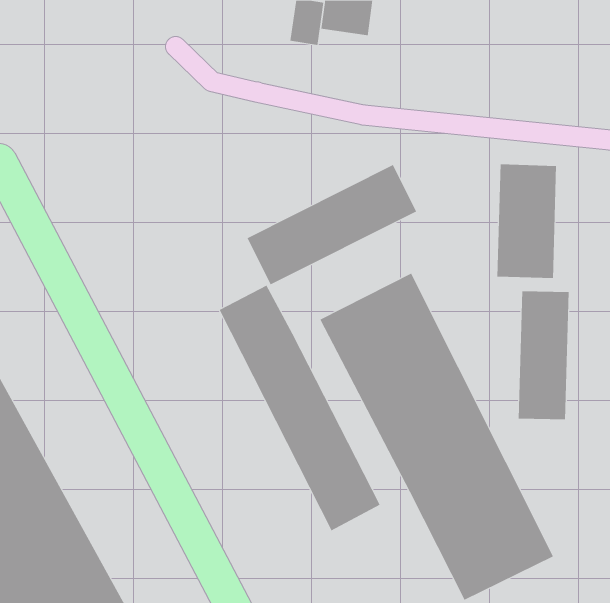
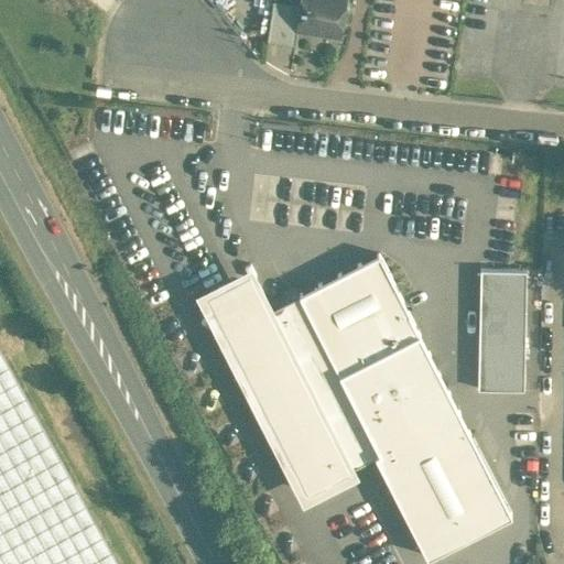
building: [497,164,557,279] -> none
building: [247,164,417,285] -> none
building: none -> [270,302,377,473]

